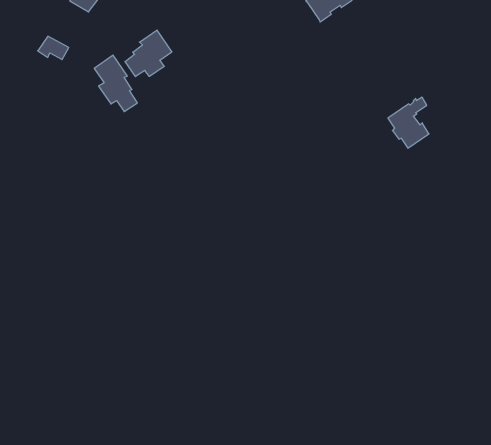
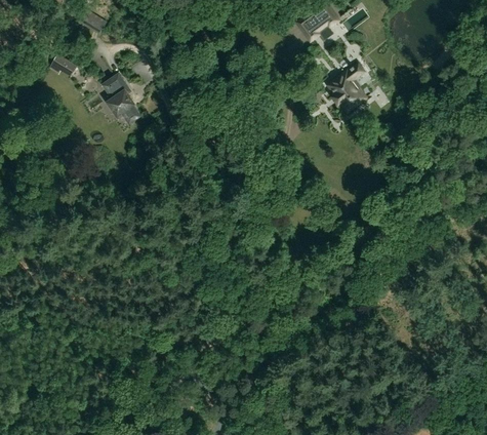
building: [125,30,172,77] -> none
building: [388,97,429,148] -> [325,65,363,112]

